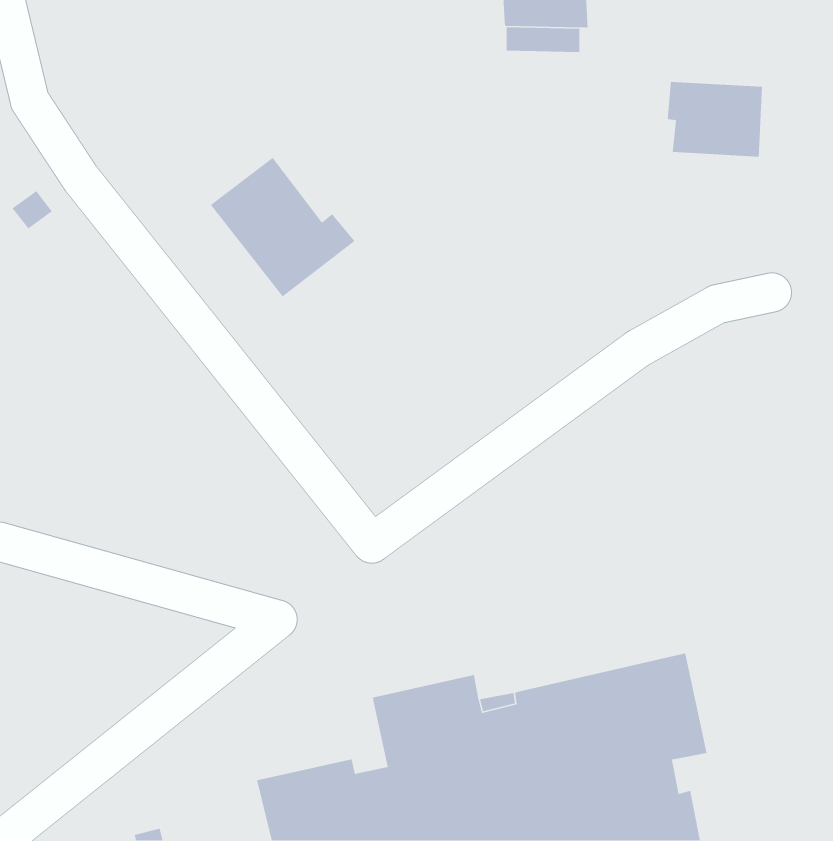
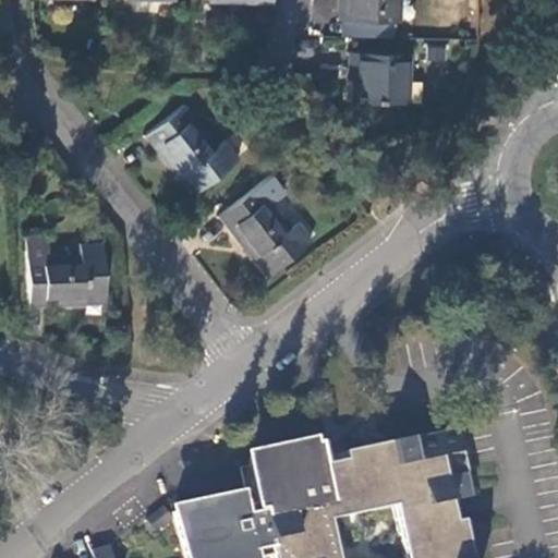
building: [667,81,763,157] -> [349,51,412,101]
building: none -> [219,184,315,278]
building: none -> [28,233,110,306]

